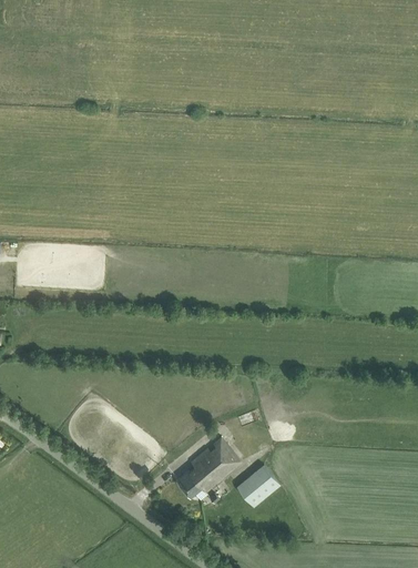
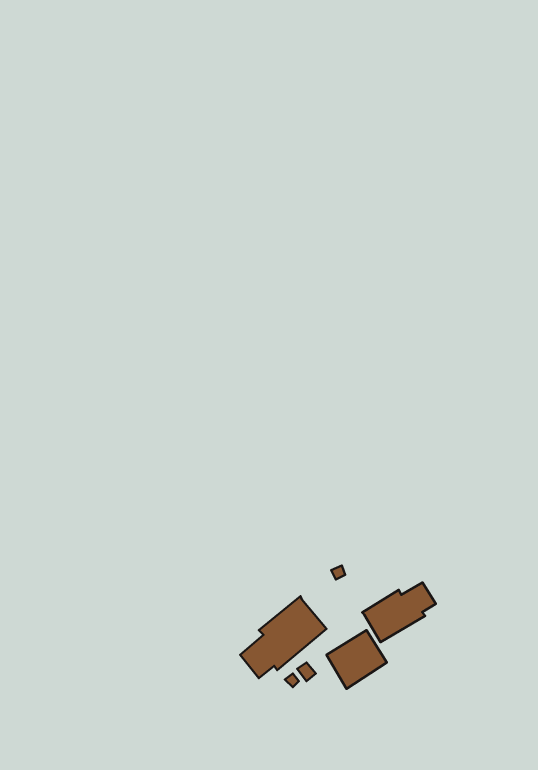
building: none -> [362,583,436,642]

